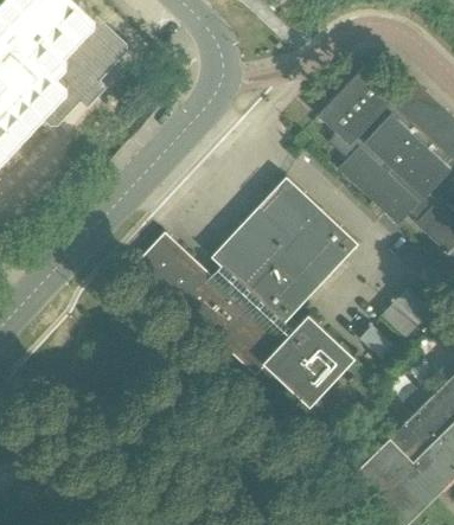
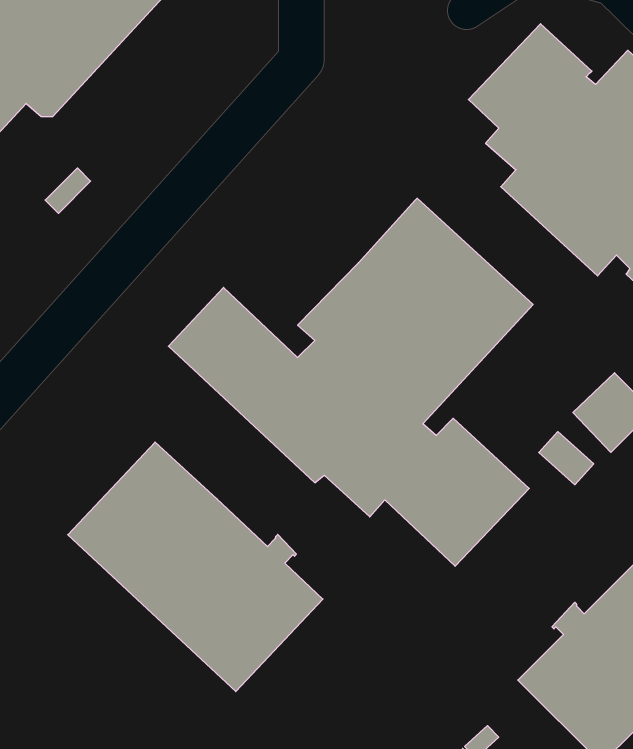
building: none -> [68,442,323,692]

